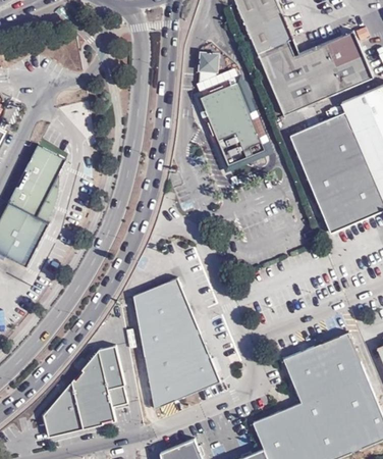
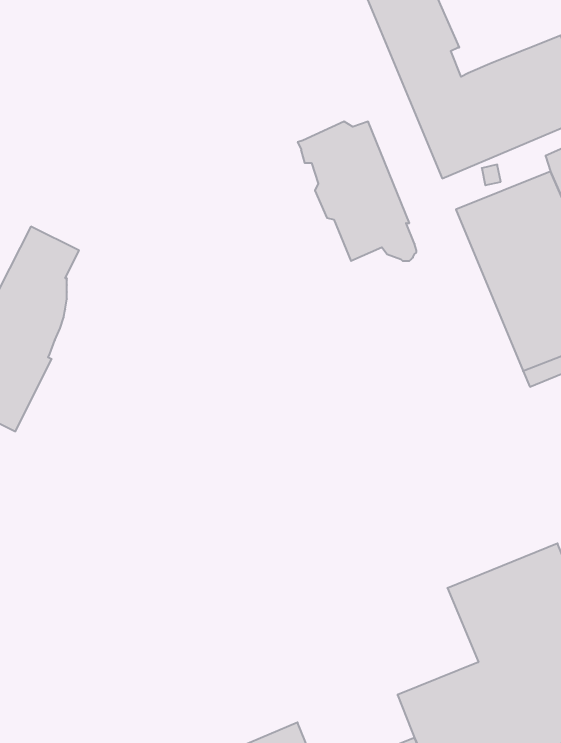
building: [198,51,220,73] -> none
building: [135,277,221,407] -> none
building: [43,344,127,439] -> none

